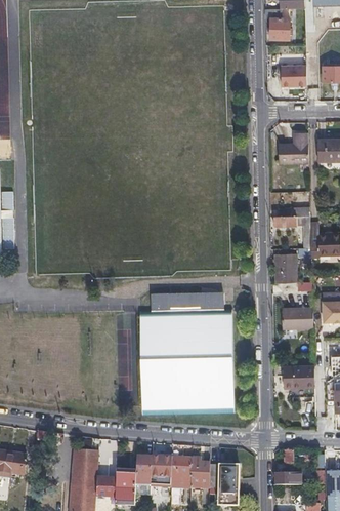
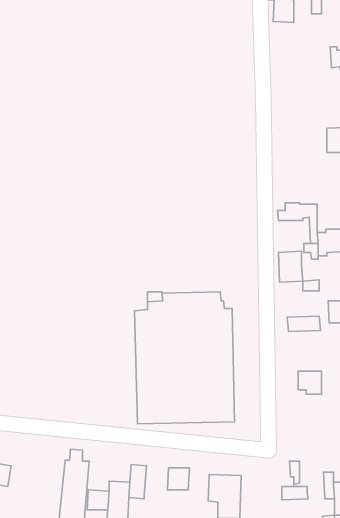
building: [281,66,306,86] -> none
building: [279,132,308,164] -> none
building: [150,454,172,481] -> none
building: [190,456,210,486] -> none

